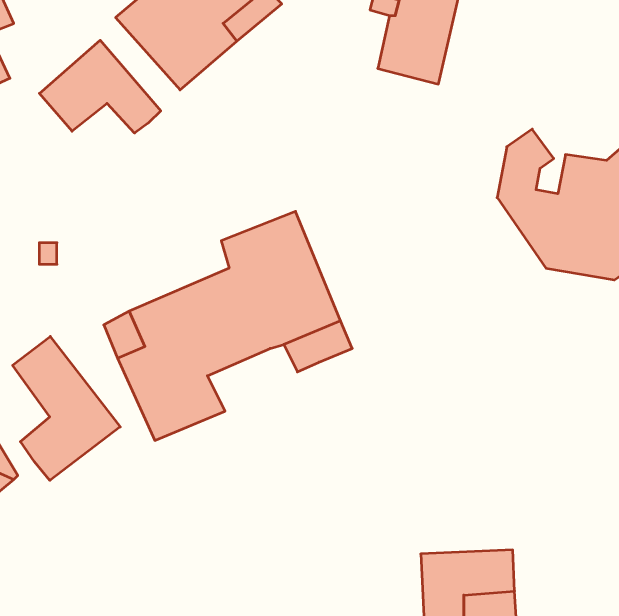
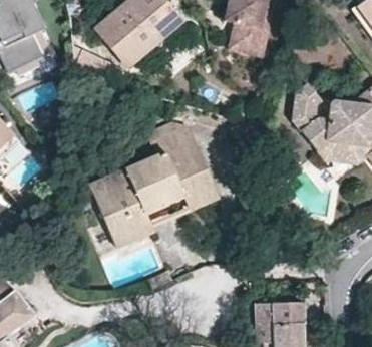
building: [39,40,161,133] -> none
building: [13,336,120,480] -> none

